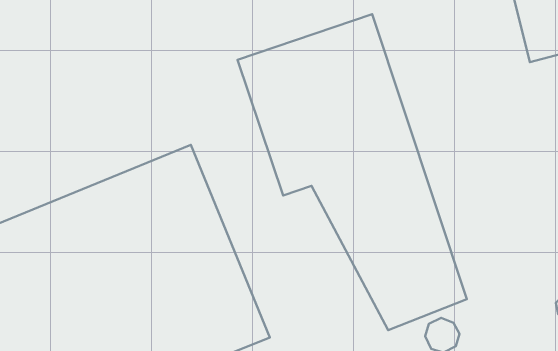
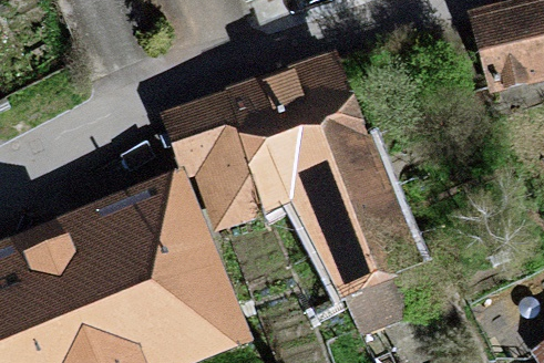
building: none -> [157,90,265,230]

